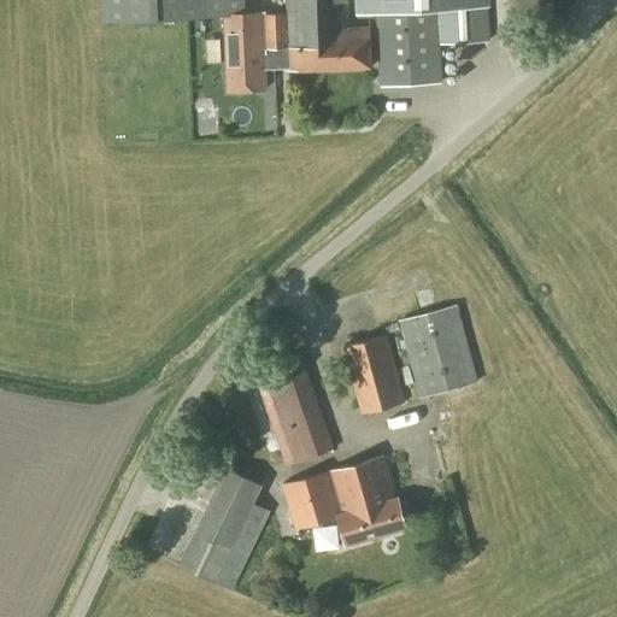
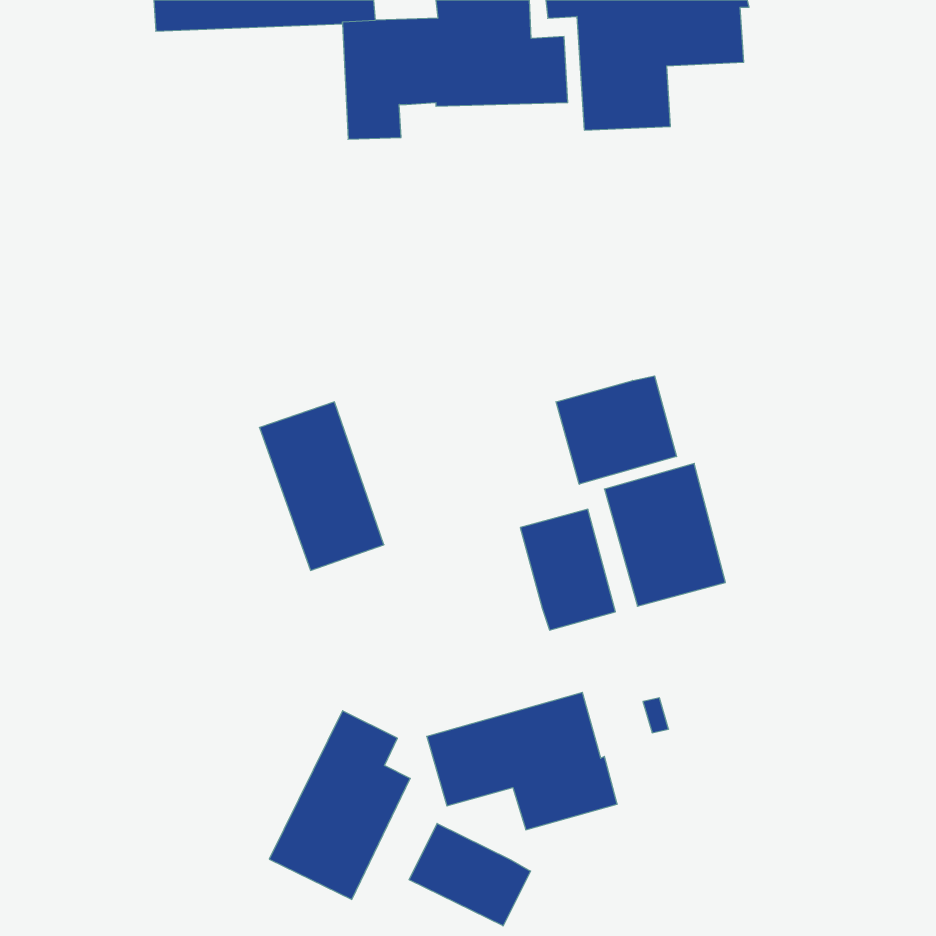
building: none -> [556,376,677,484]
building: [252,355,334,466] -> [259,402,384,570]
building: none -> [409,823,531,926]

